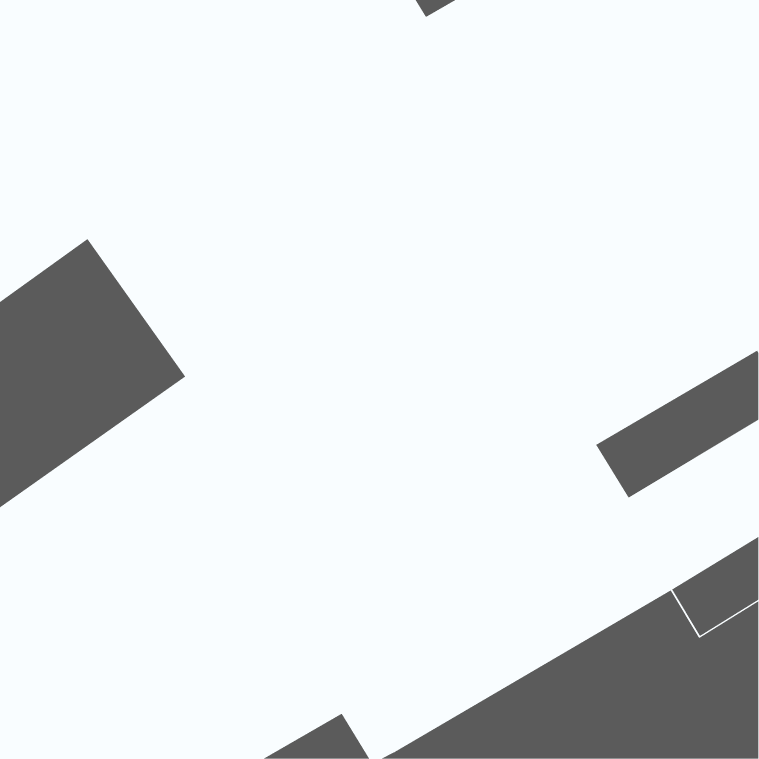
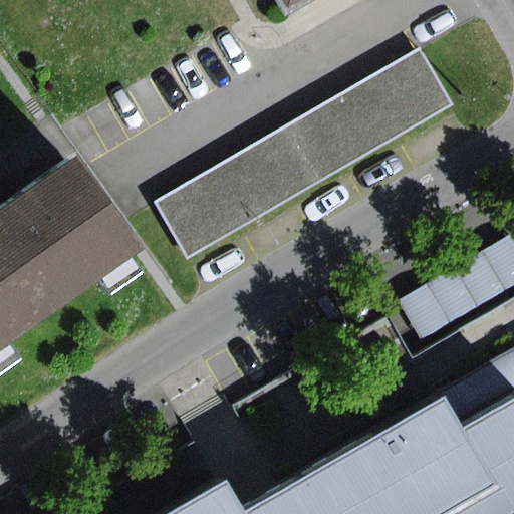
building: none -> [155,48,453,258]

